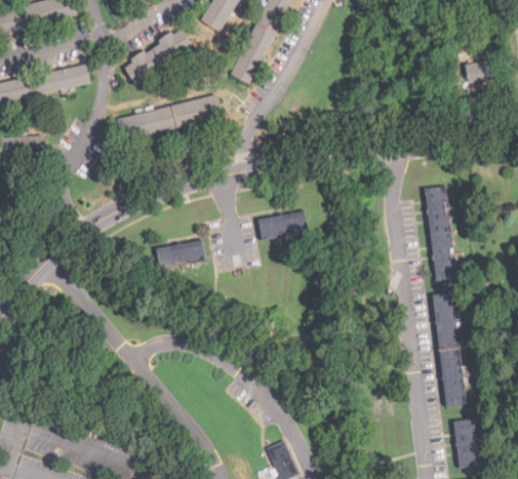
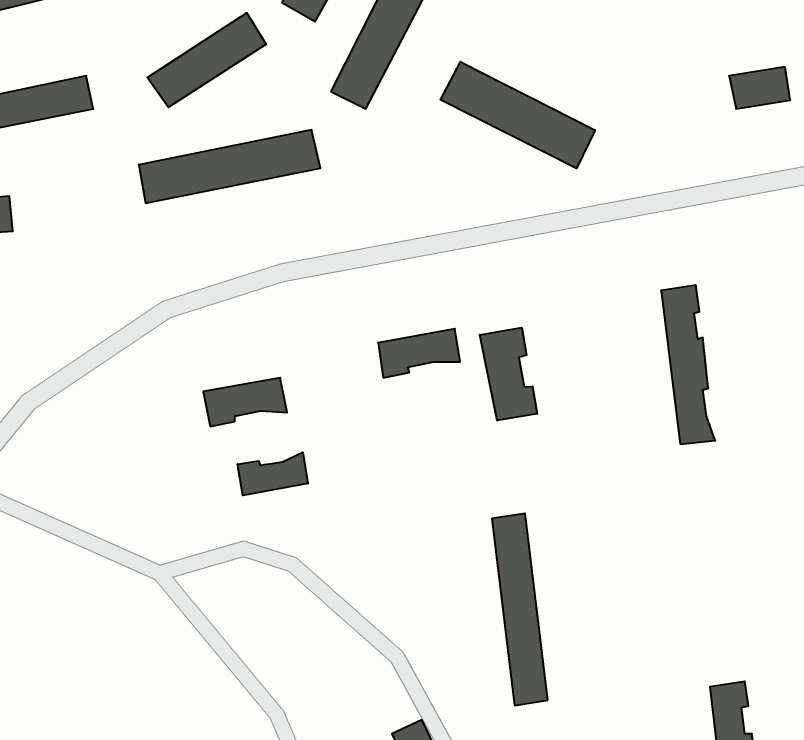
building: none -> [440,62,595,168]
building: none -> [480,328,537,421]
building: none -> [238,452,308,495]
building: [433,293,466,406] -> [492,513,548,705]

